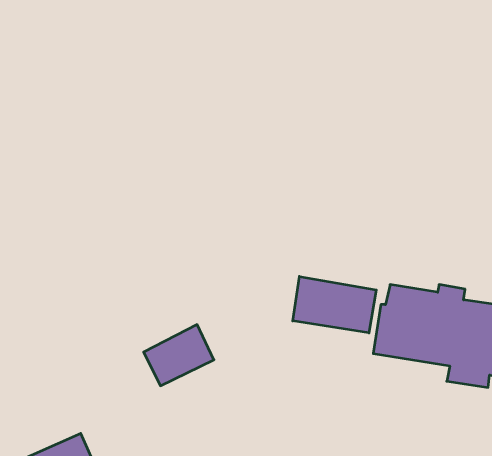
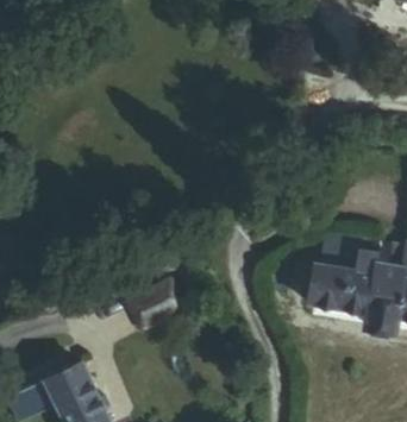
building: [293,276,376,333] -> none

